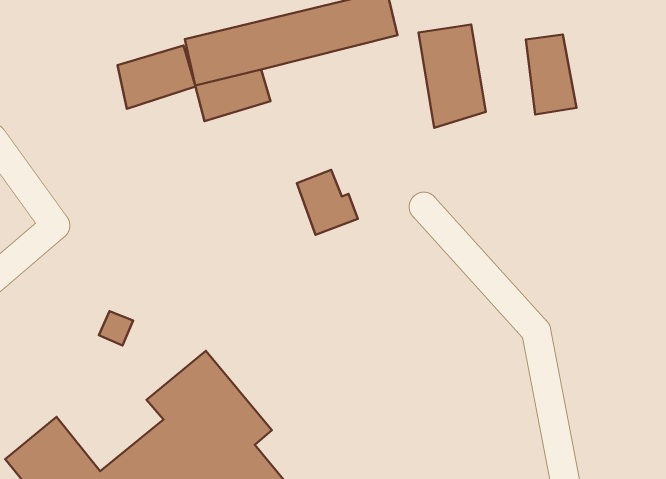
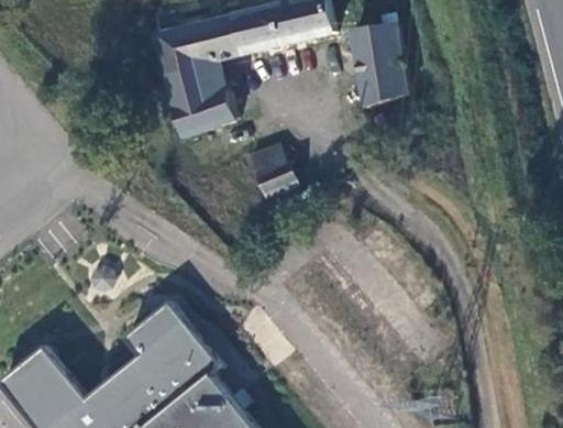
building: [526,34,576,115] -> none
building: [118,46,196,109] -> [170,87,235,140]

